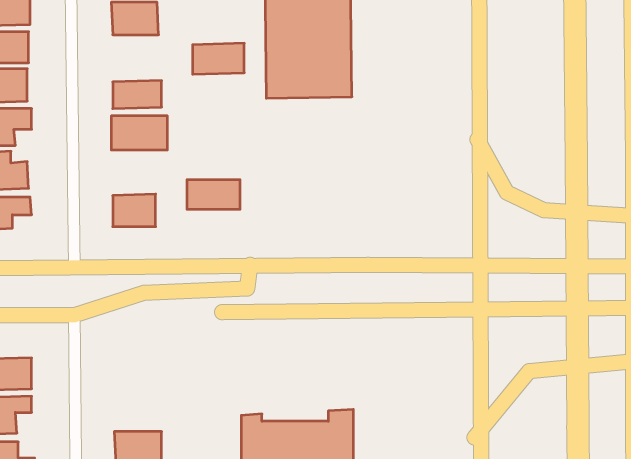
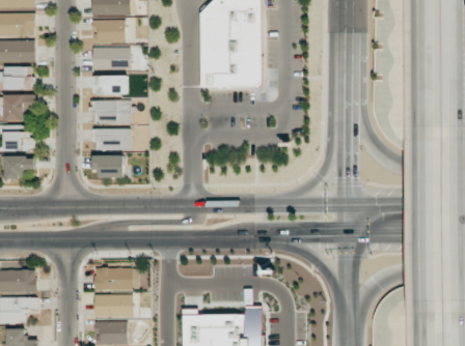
building: [193,43,244,74] -> [93,48,130,69]
building: [187,180,240,209] -> [93,129,131,150]
building: none -> [94,268,140,291]
building: none -> [94,295,133,318]

